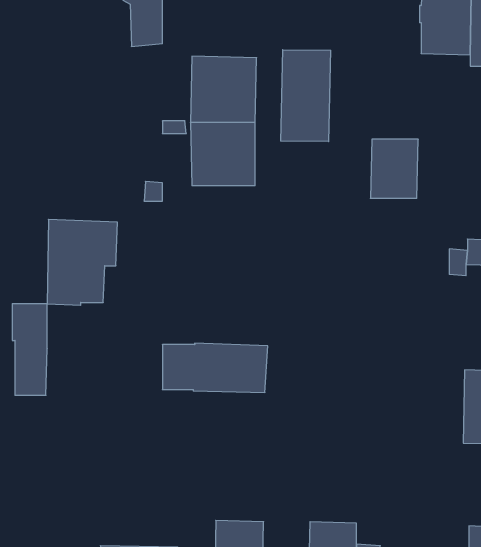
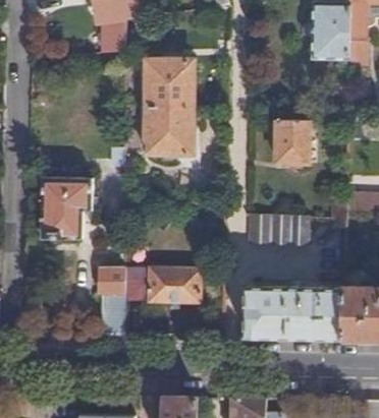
building: [281,50,331,142] -> none
building: none -> [250,217,307,246]
building: [12,304,47,395] -> [99,270,124,336]
building: none -> [243,287,343,341]

